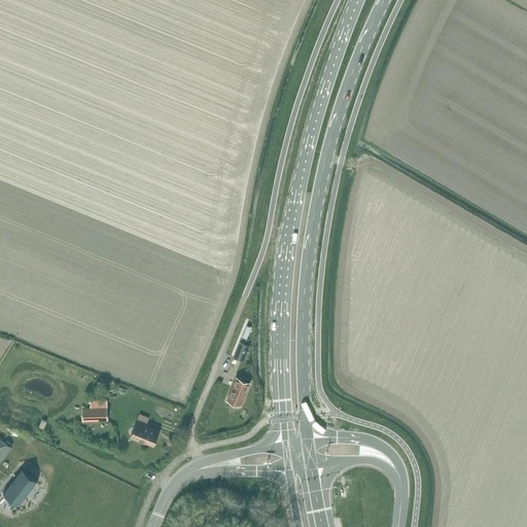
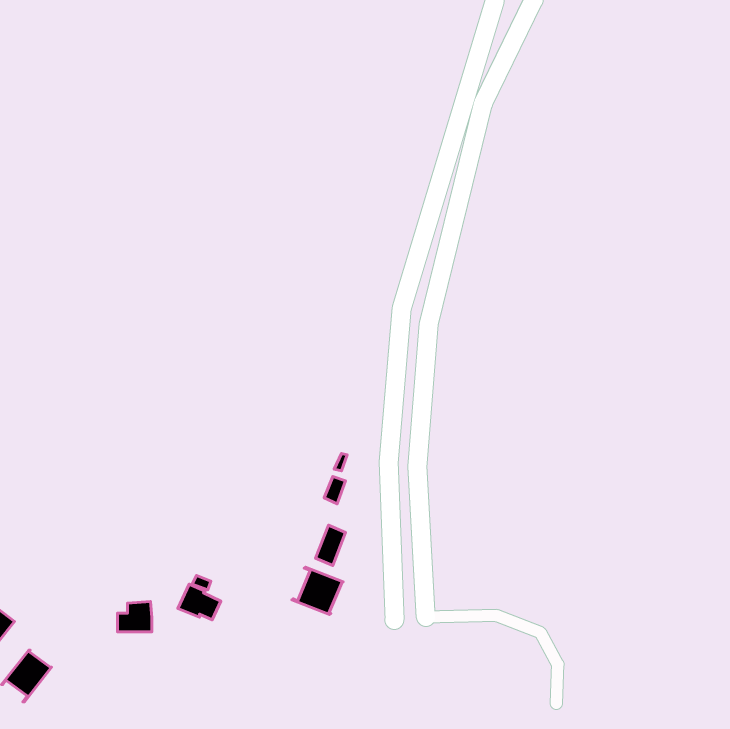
building: [81,402,106,424] -> [118,602,152,632]
building: none -> [292,567,343,615]

